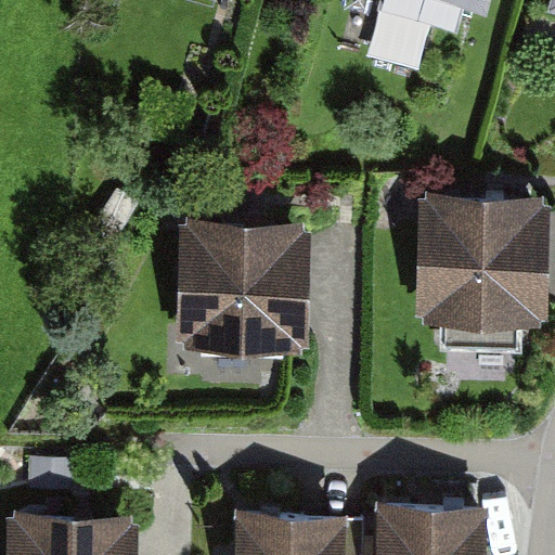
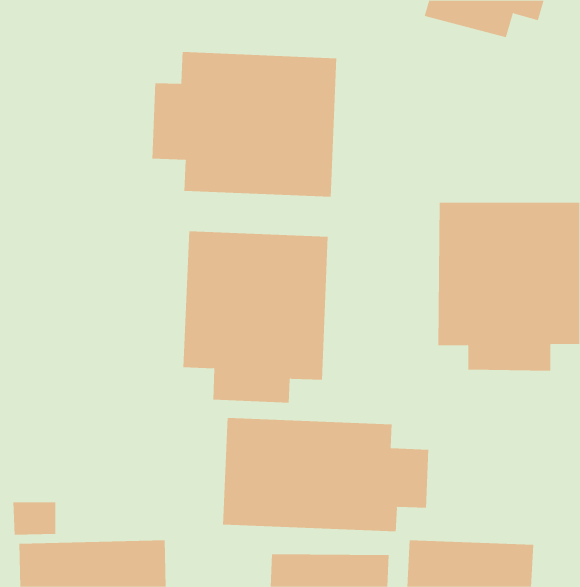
building: none -> [152,51,337,197]
building: none -> [223,417,429,532]

